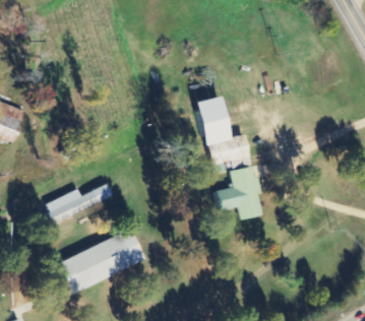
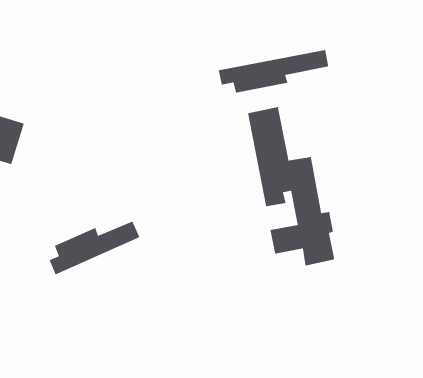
building: none -> [218,49,329,93]
building: [56,228,145,293] -> none

